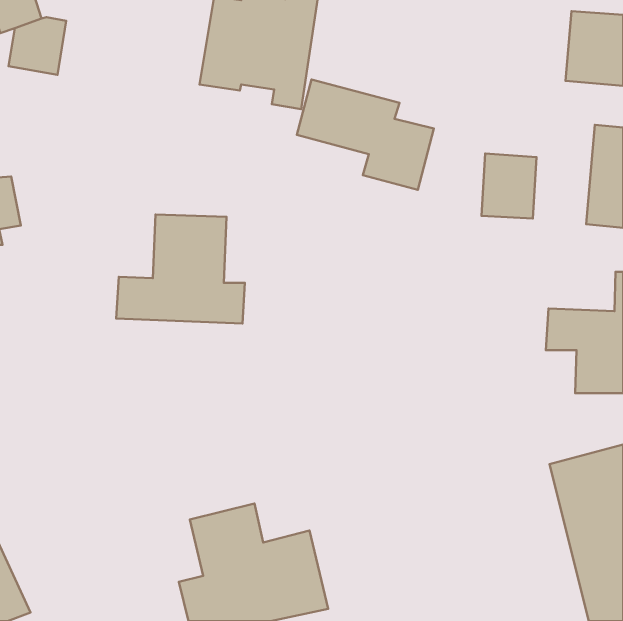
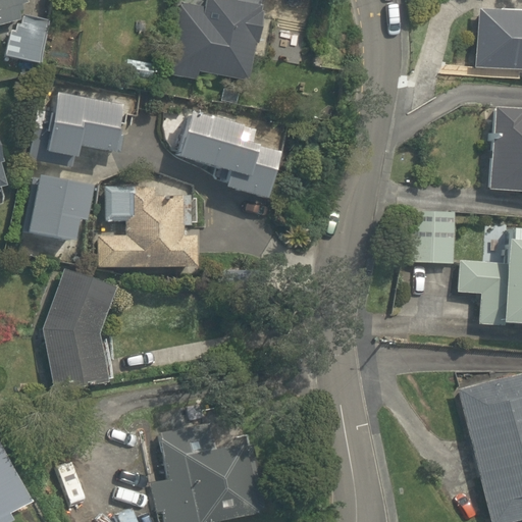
building: [297,80,434,190] -> [176,111,291,203]
building: none -> [51,97,128,161]
building: [481,154,537,218] -> [407,209,453,263]
building: none -> [29,167,97,246]
building: none -> [43,269,117,394]

